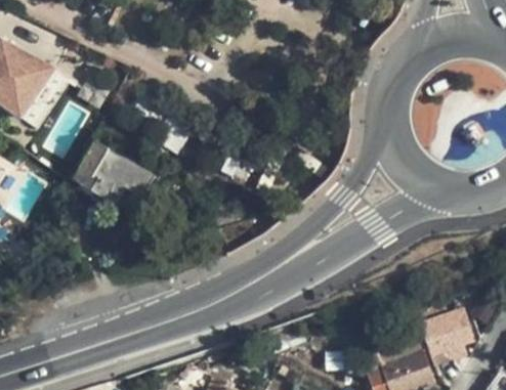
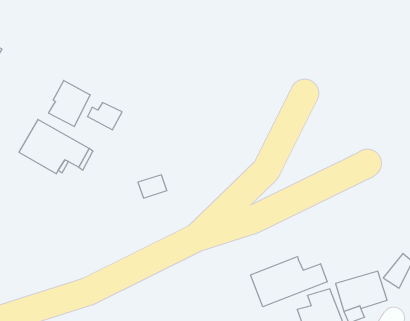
building: none -> [49,80,90,127]
building: none -> [250,257,327,307]

